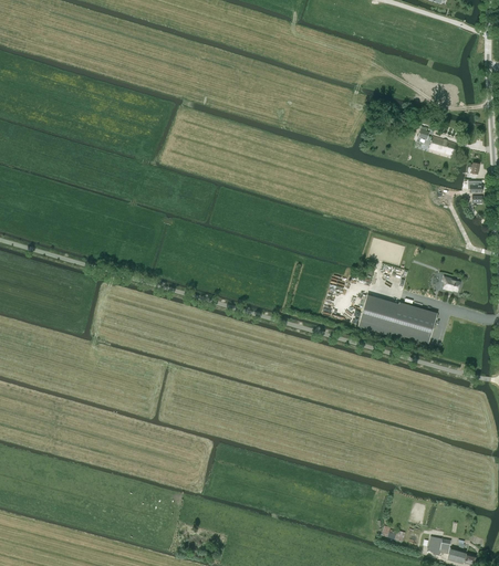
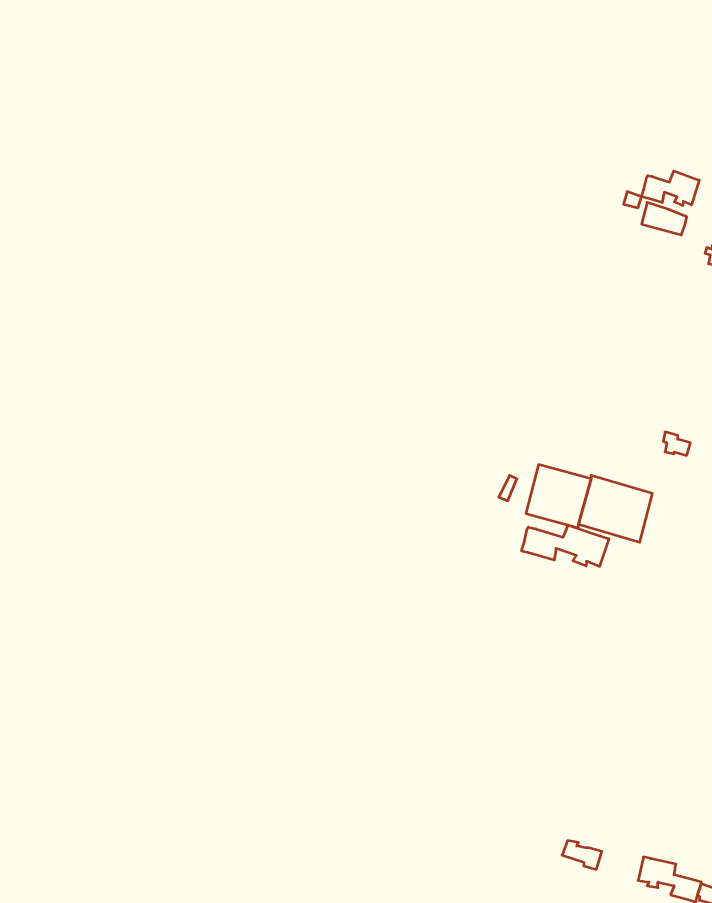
building: none -> [642,171,699,206]
building: none -> [522,525,609,566]

